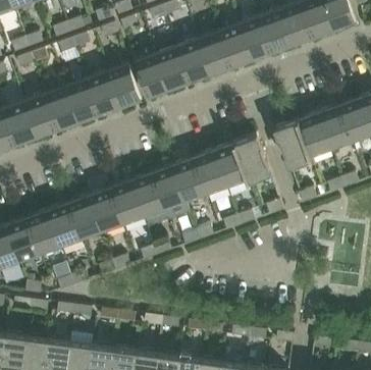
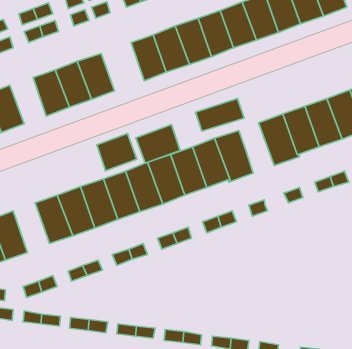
building: [137,53,170,96] -> none
building: [46,86,80,128] -> none
building: none -> [196,98,244,131]
building: none -> [136,124,180,163]
building: none -> [97,134,137,171]
building: [49,202,83,248] -> none

